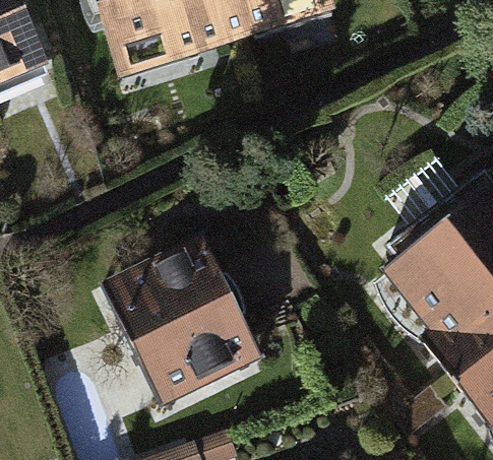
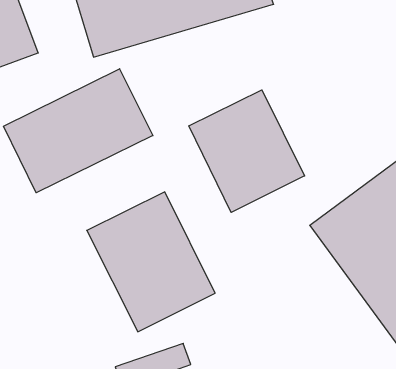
building: none -> [3,69,153,193]
building: none -> [189,90,305,212]

